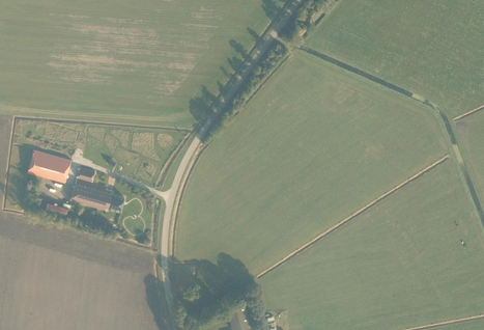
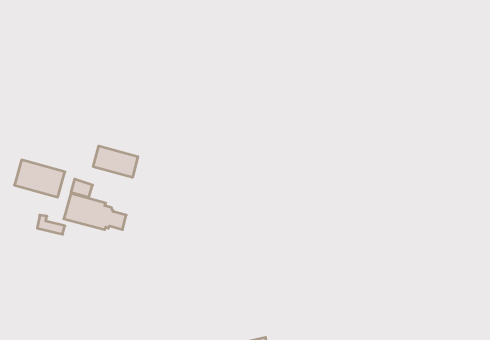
building: none -> [93,146,138,177]

